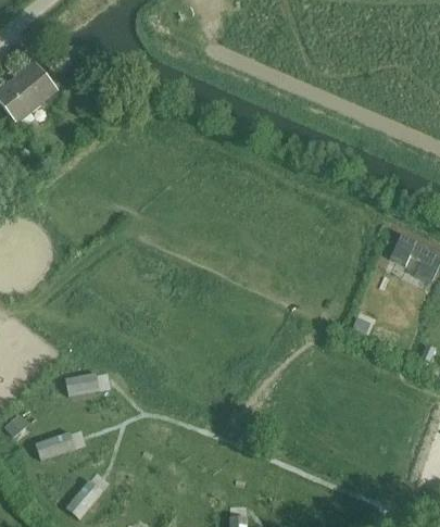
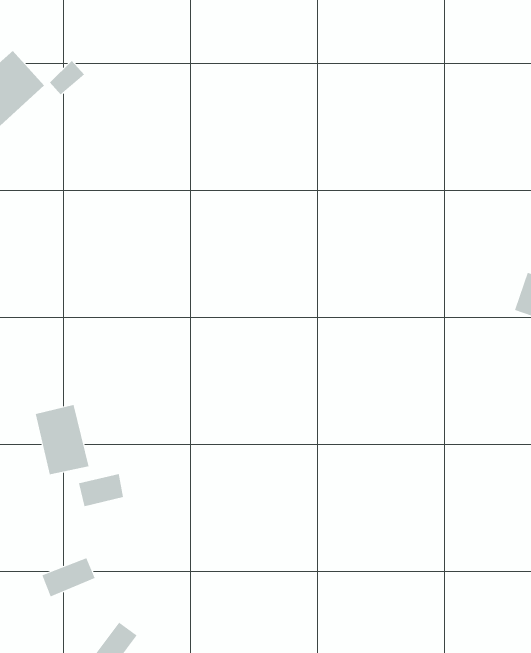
building: none -> [35,404,89,475]

